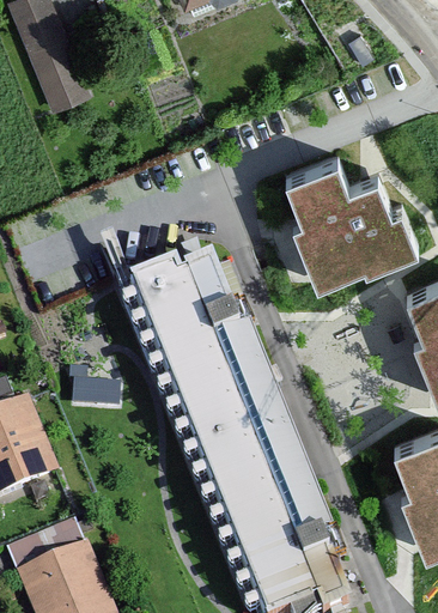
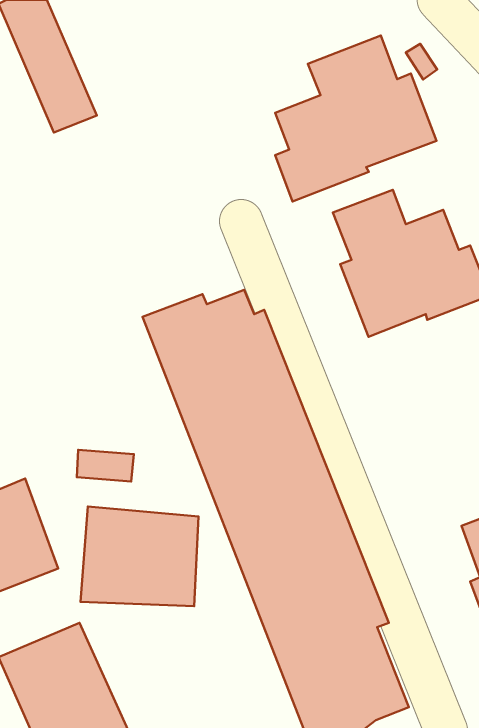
building: none -> [275,36,436,201]
building: none -> [81,507,198,606]

